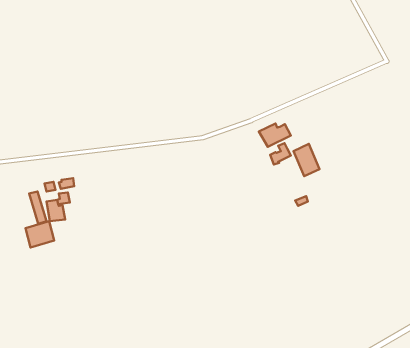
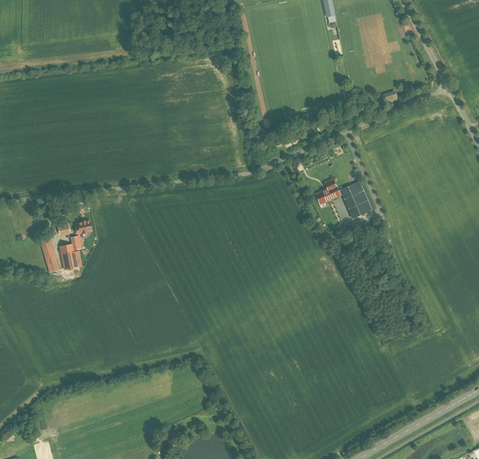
building: [259,123,291,147] -> none
building: [25,221,54,248] -> none

